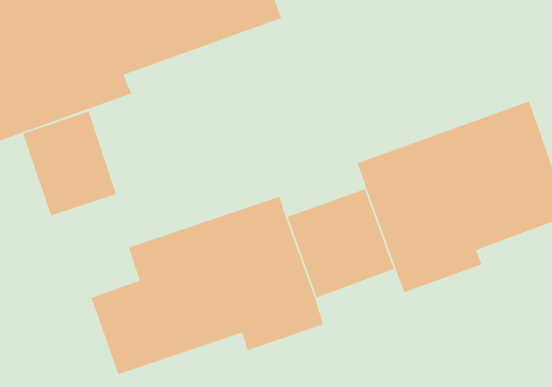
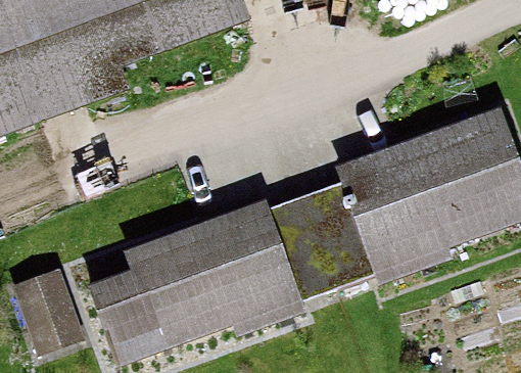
building: [22,111,117,217] -> none
building: none -> [9,266,89,357]

